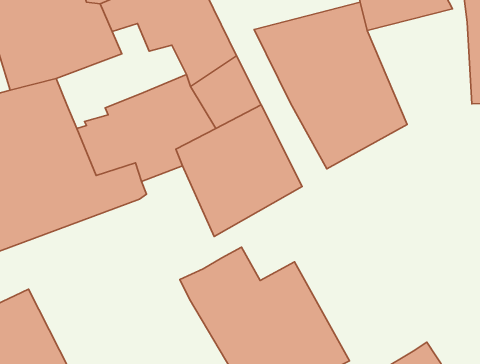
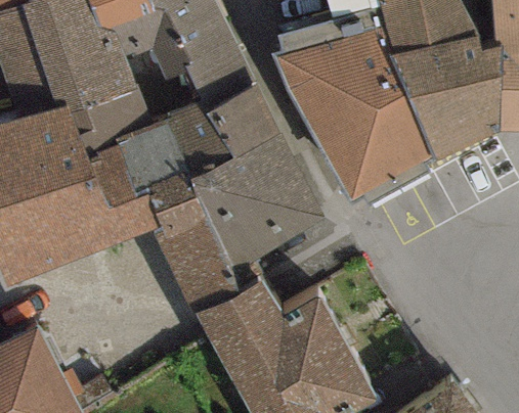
building: none -> [390,33,500,160]
building: none -> [66,80,153,157]
building: none -> [153,196,239,315]

